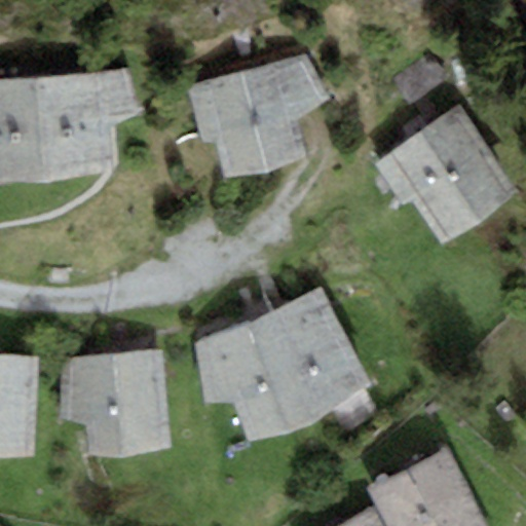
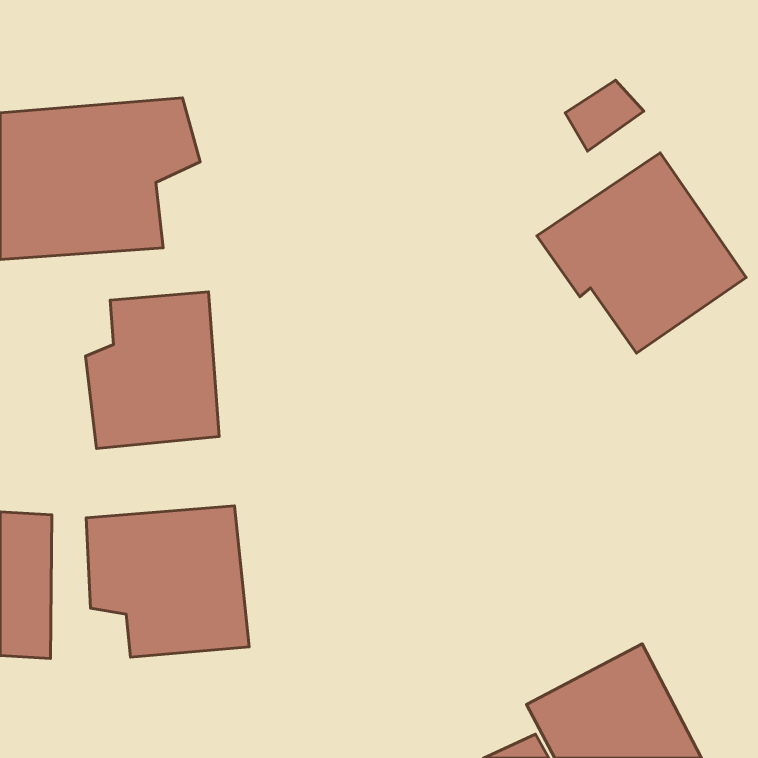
building: [185,54,329,179] -> none
building: none -> [86,292,219,448]
building: [195,288,370,444] -> none

